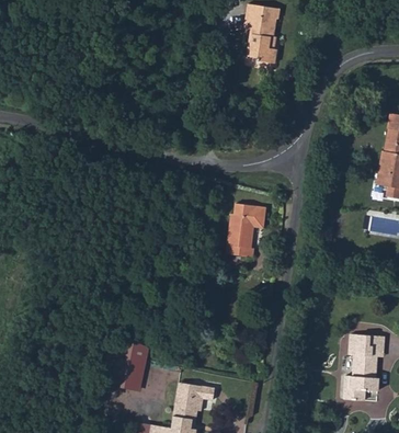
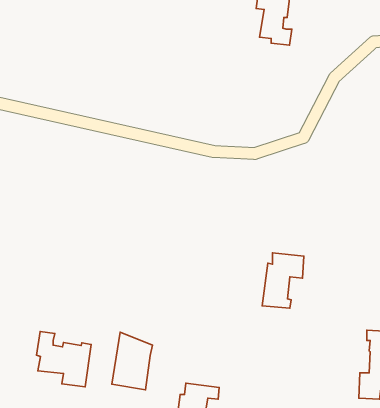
building: [225,203,264,255] -> [262,253,304,308]
building: none -> [37,332,91,387]

